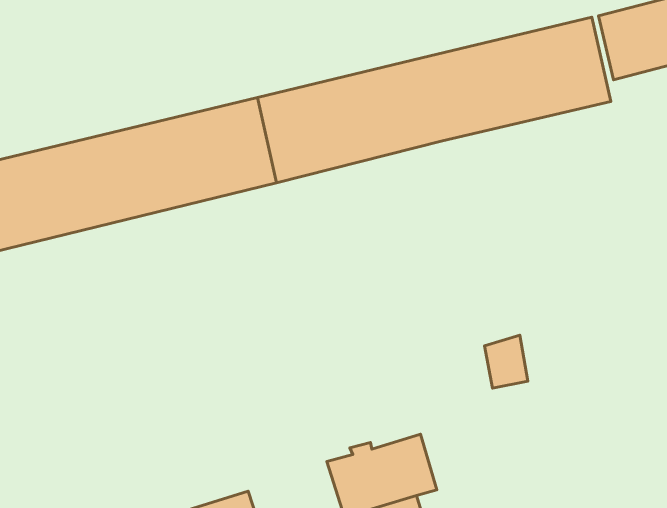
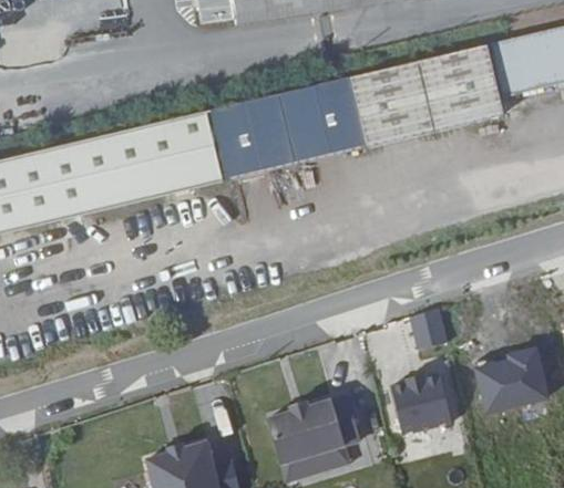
building: none -> [469,344,542,409]
building: none -> [390,368,449,428]

